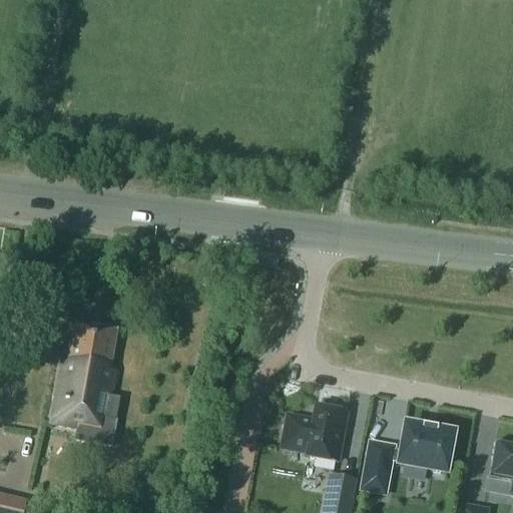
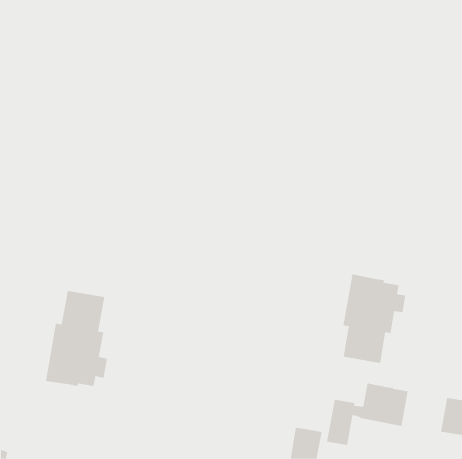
building: none -> [343,274,406,364]
building: [283,407,347,460] -> none

